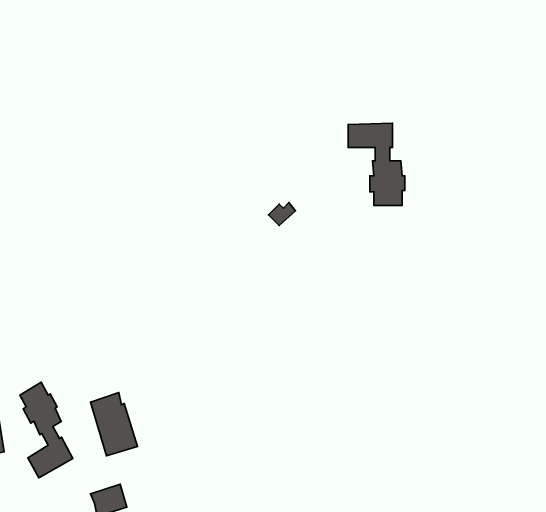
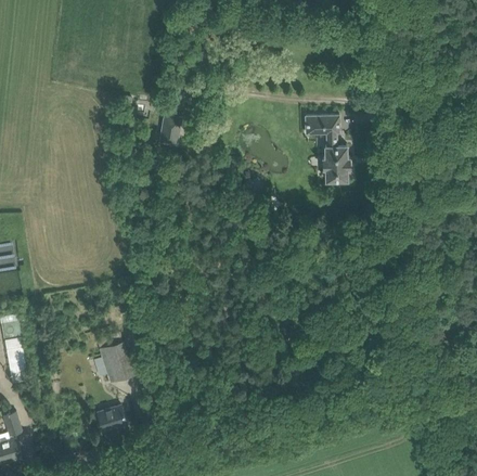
building: none -> [158,115,182,146]
building: [20,382,73,478] -> none

